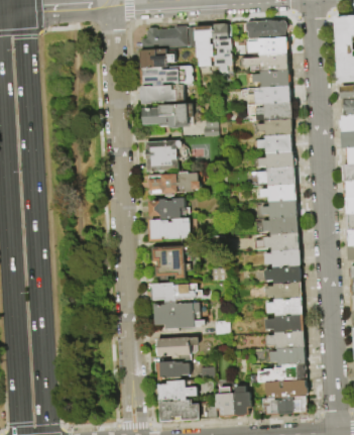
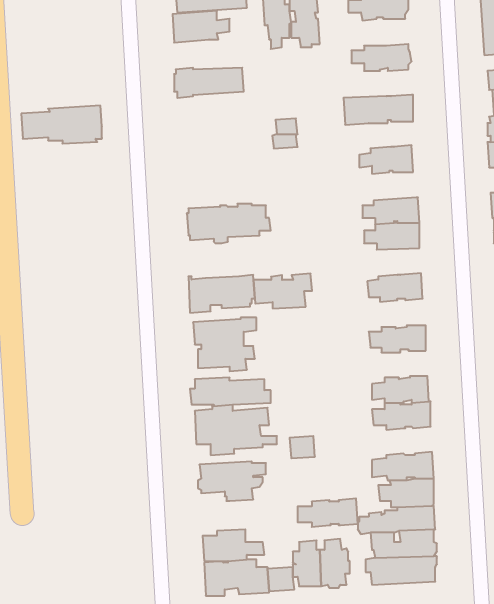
building: [238,53,287,71] -> none
building: [138,66,192,86] -> none
building: [245,86,289,104] -> none
building: [140,103,192,127] -> [21,106,102,144]
building: [255,119,290,136] -> none
building: [140,139,181,172] -> none
building: [257,150,294,170] -> none
building: [146,197,184,219] -> [254,274,312,308]
building: [259,200,296,218] -> none
building: [262,232,299,250] -> none
building: [263,265,300,283] -> none
building: [264,314,303,332] -> [298,498,358,527]
building: [155,361,189,379] -> none

